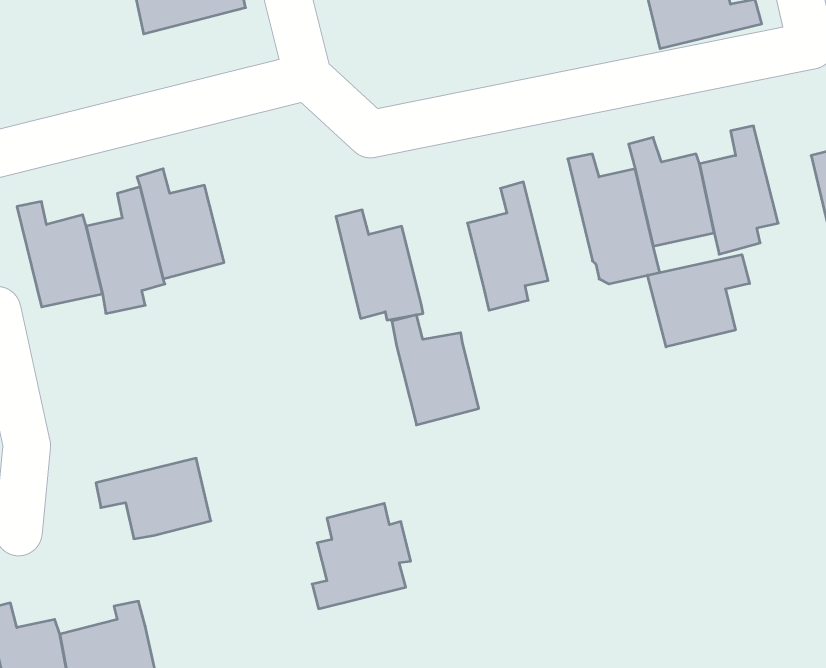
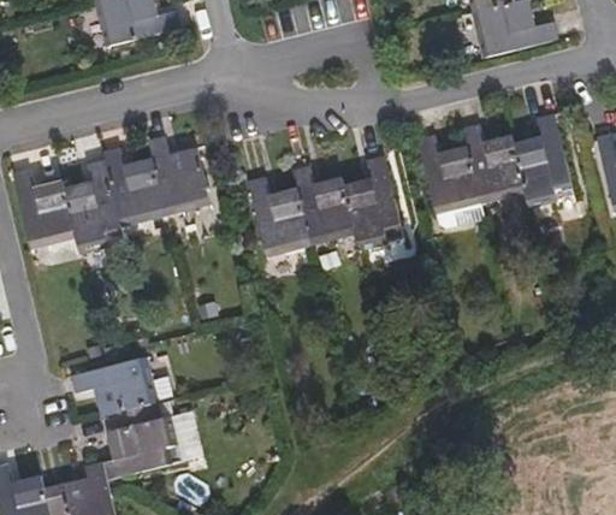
building: none -> [147,134,211,213]
building: [648,255,750,347] -> none
building: [392,315,479,425] -> [291,164,355,244]
building: [312,503,411,609] -> [102,402,174,479]

